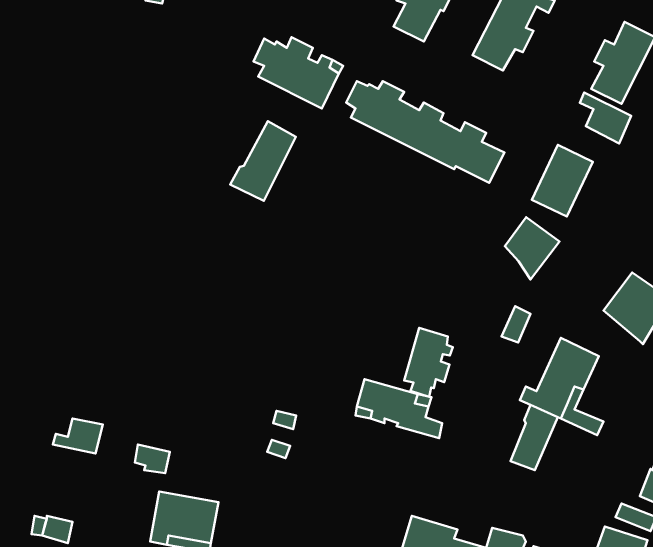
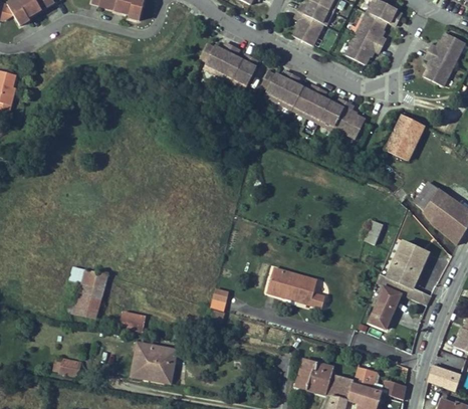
building: [580,92,631,143] -> none
building: [230,121,296,201] -> none
building: [505,217,559,280] -> [414,181,450,222]
building: [404,328,453,397] -> none
building: none -> [70,266,106,297]

